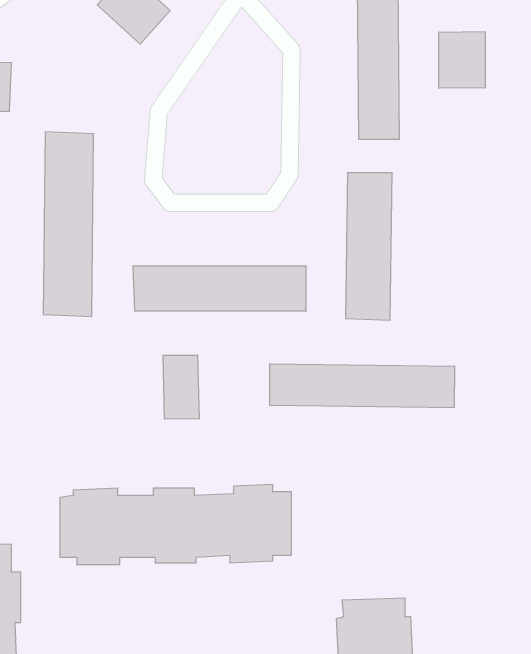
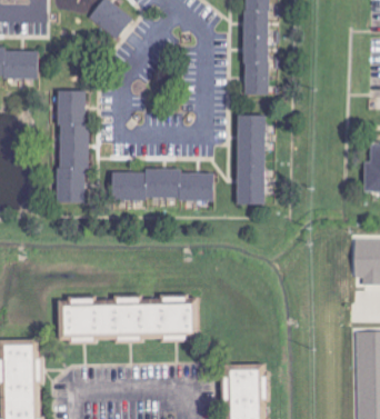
building: [439,32,485,88] -> none
building: [163,355,199,419] -> none
building: [270,364,454,408] -> none

